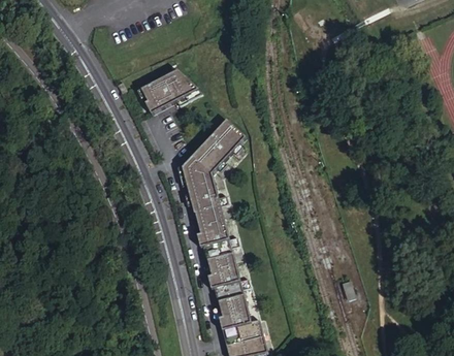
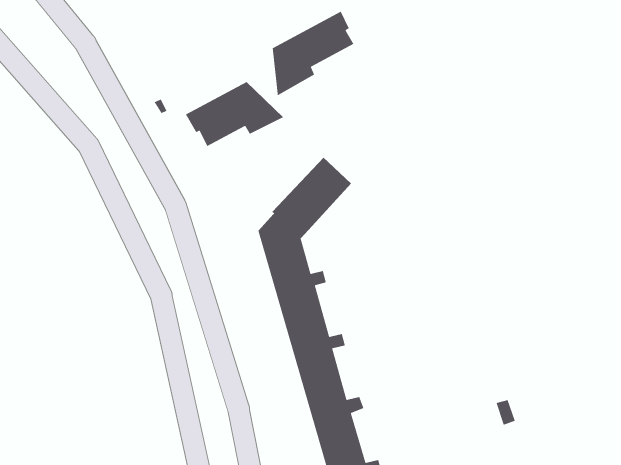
building: none -> [272,10,354,96]

